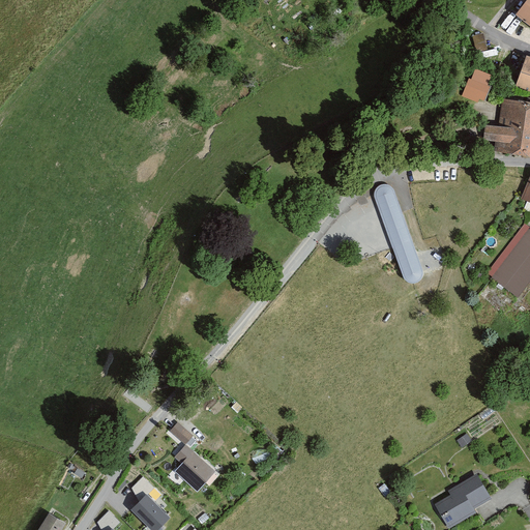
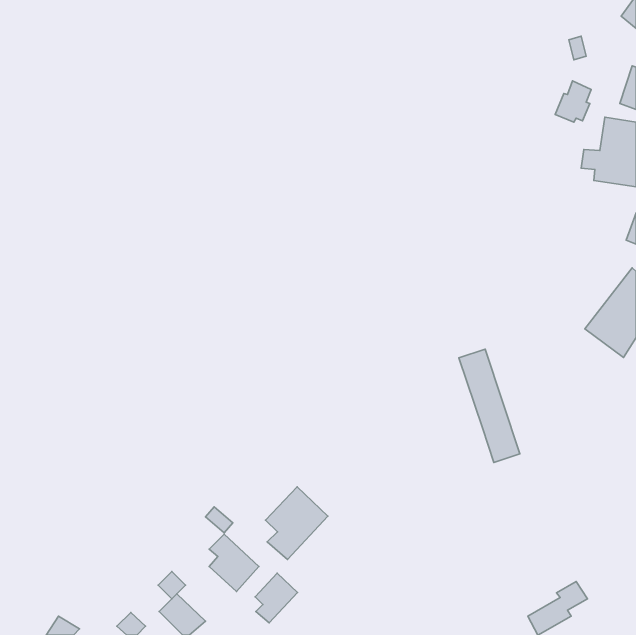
building: [372,185,422,279] -> [459,349,520,463]
building: none -> [265,487,328,559]
building: none -> [255,573,297,623]

